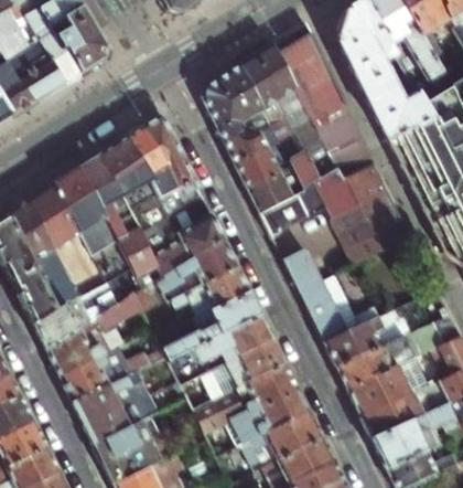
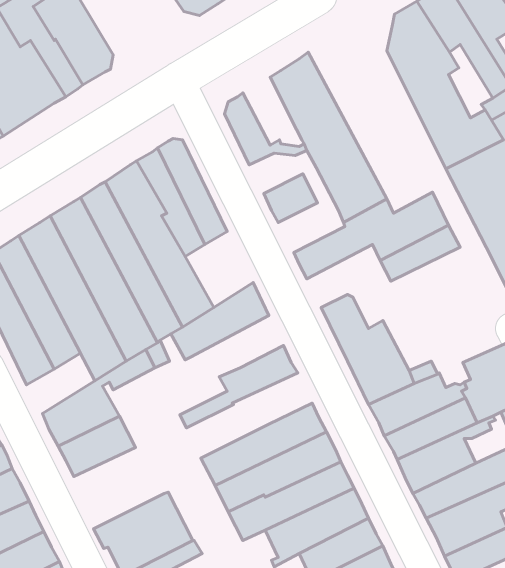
building: [272,23,377,181] -> none
building: [217,66,262,124] -> none
building: [223,128,279,165] -> none
building: [247,172,303,214] -> none
building: [169,197,226,261] -> none
building: [342,210,412,265] -> none
building: [173,267,251,317] -> none
building: [35,299,93,350] -> none
building: [170,316,276,371] -> none
building: [75,375,151,445] -> none

